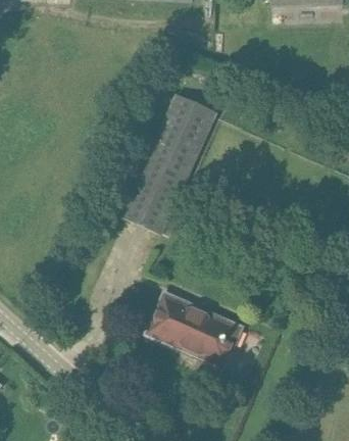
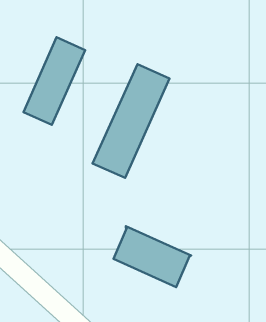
building: none -> [24,37,85,125]

